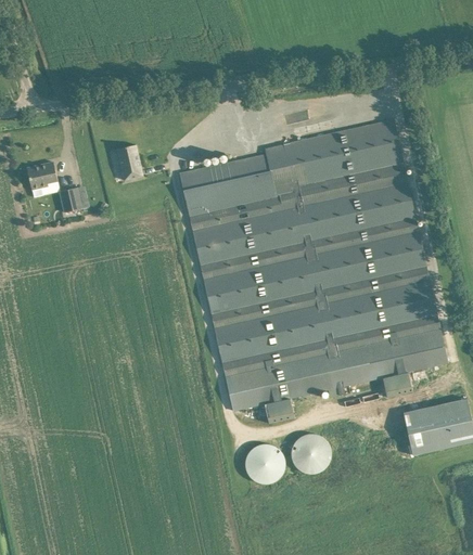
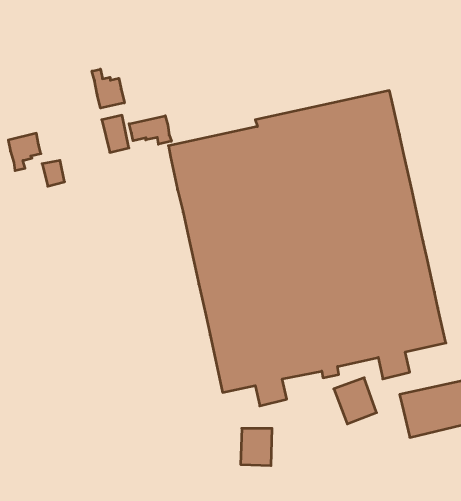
building: none -> [92,69,124,108]
building: none -> [129,116,171,144]
building: [291,431,332,476] -> [334,378,377,424]

